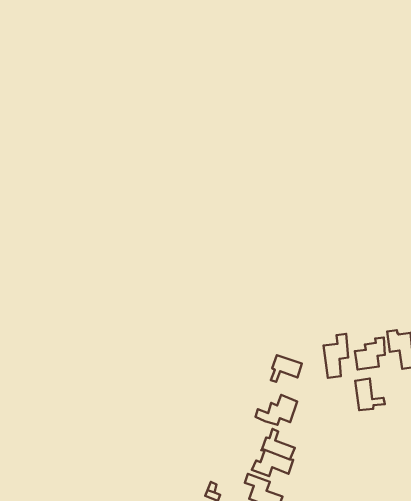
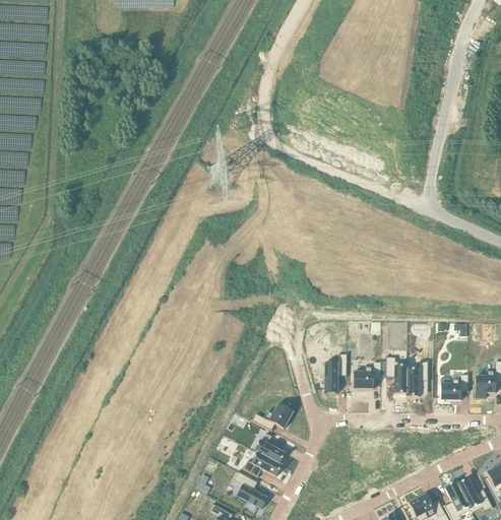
building: [271,355,302,382] -> none
building: [355,378,385,410] -> none

